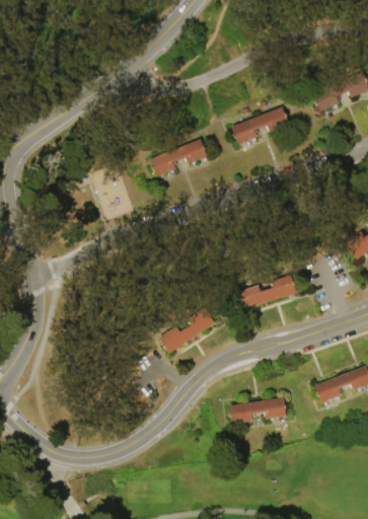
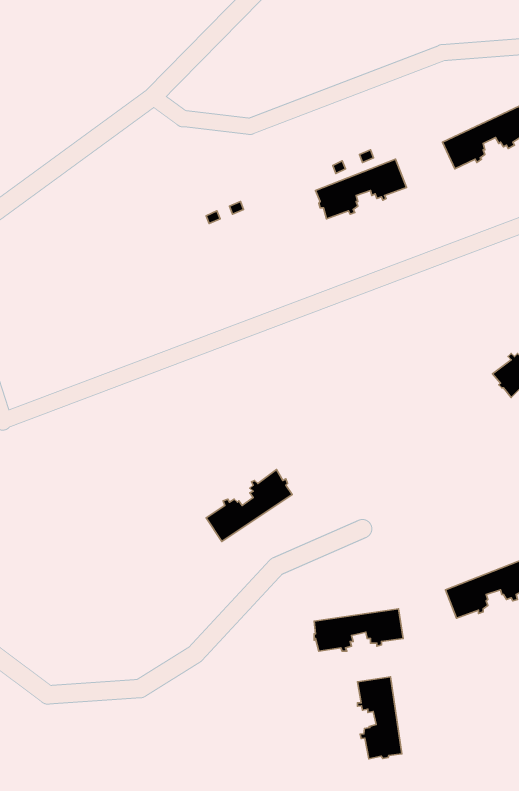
building: [150,138,209,176] -> none
building: [240,274,298,309] -> none
building: none -> [357,677,402,759]

